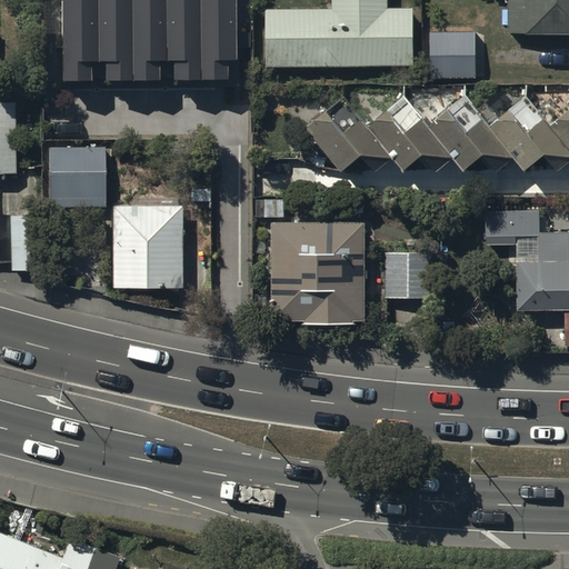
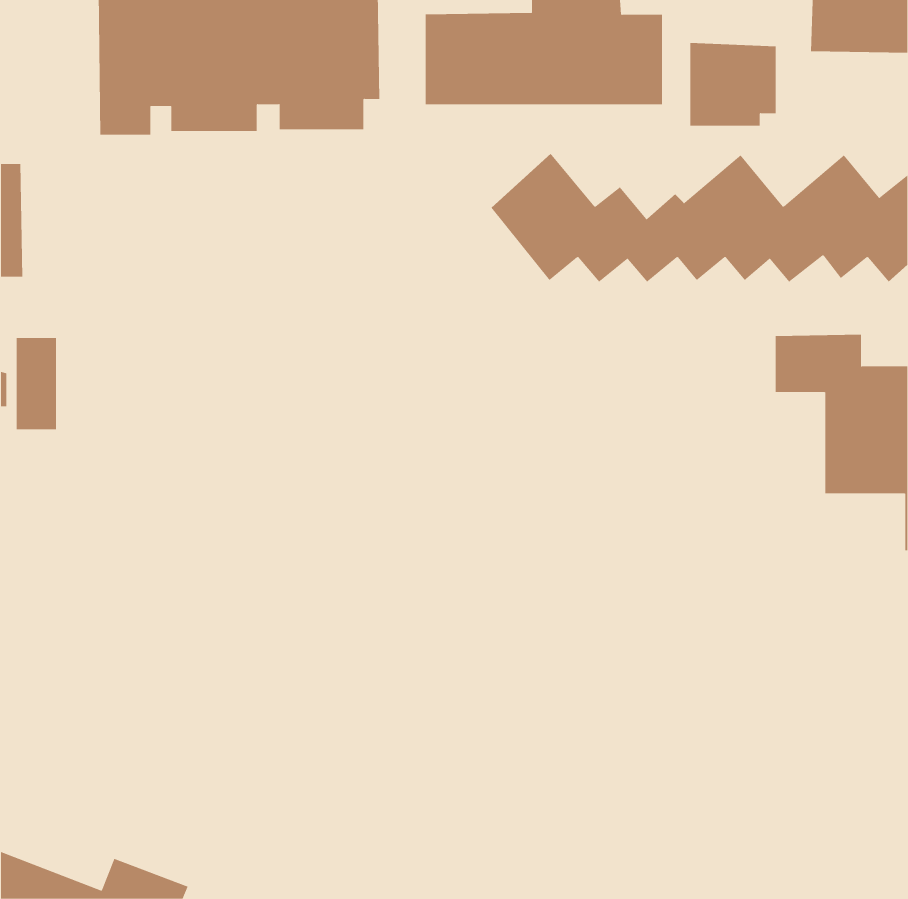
building: [50,142,104,204] -> none
building: [113,204,183,288] -> none
building: [271,223,363,325] -> none
building: [386,250,430,297] -> none

